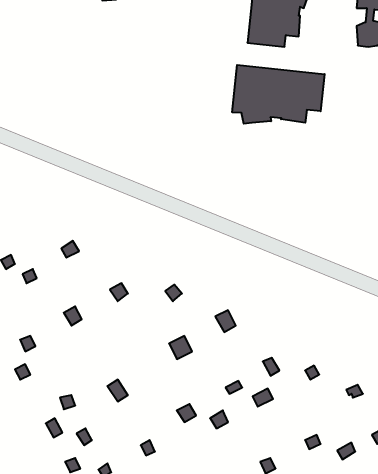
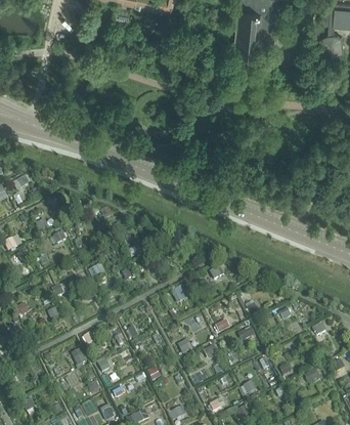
building: [232,65,325,124] -> none

